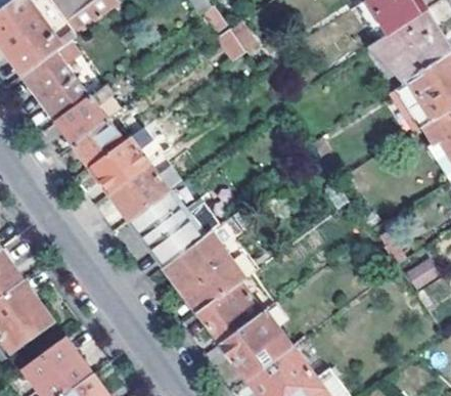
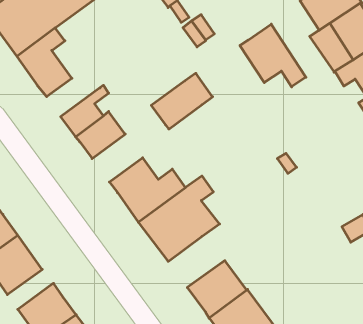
building: none -> [240,24,306,87]
building: [57,86,120,143] -> none
building: [110,155,182,220] -> [151,73,213,129]
building: [199,283,263,344] -> none

